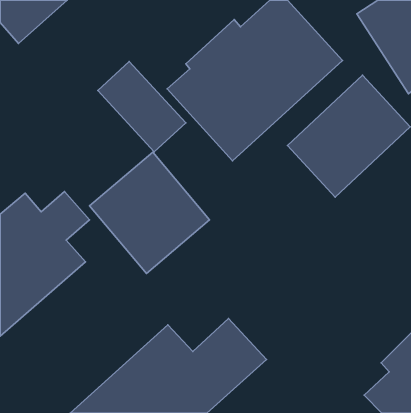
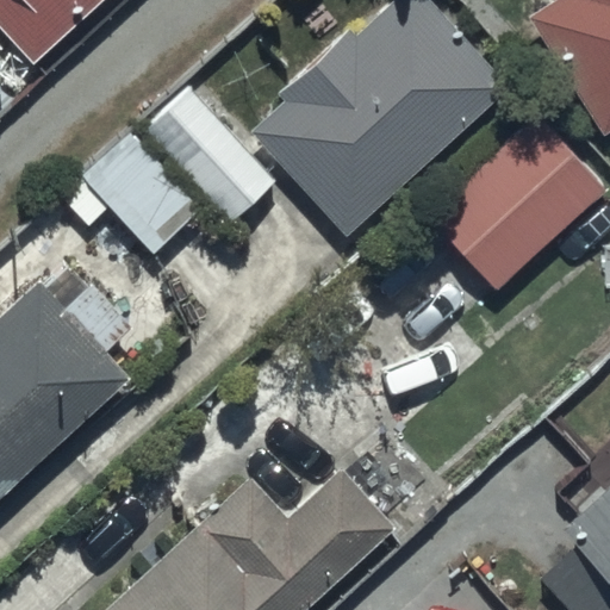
building: none -> [62,133,201,254]
building: [89,152,210,274] -> none

